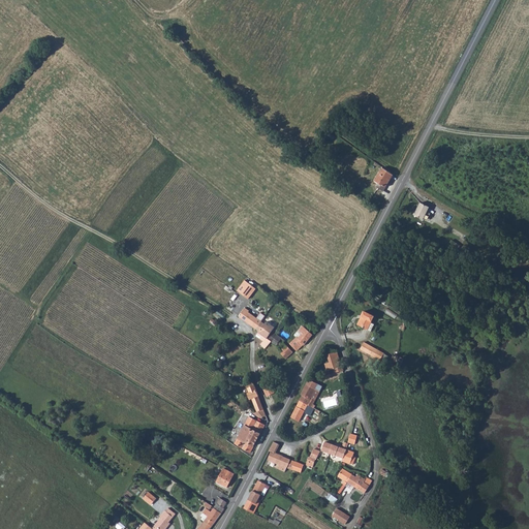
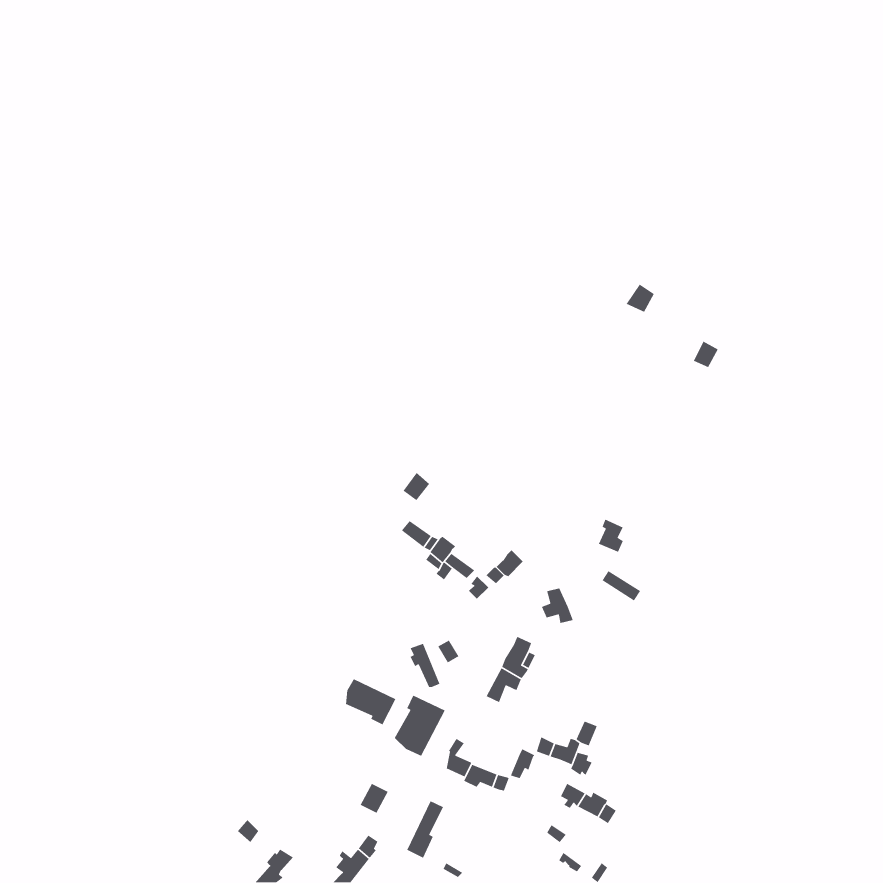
building: none -> [345,678,397,725]

